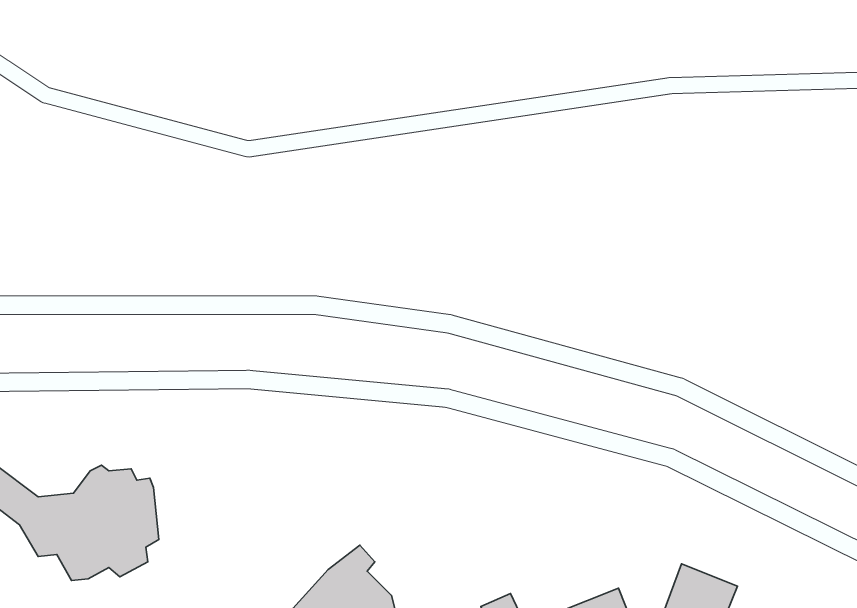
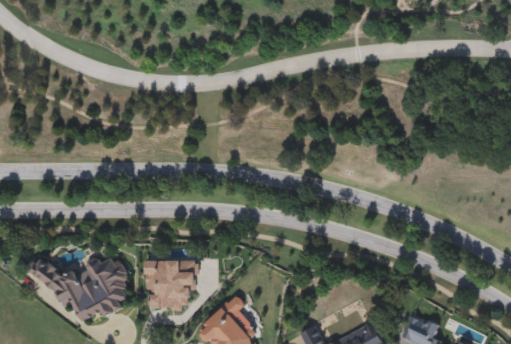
building: none -> [146,259,199,311]

